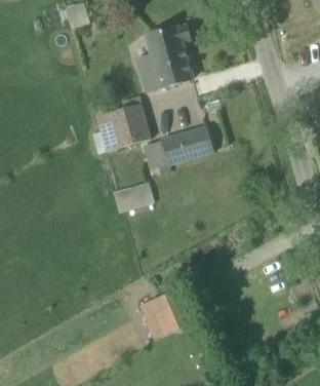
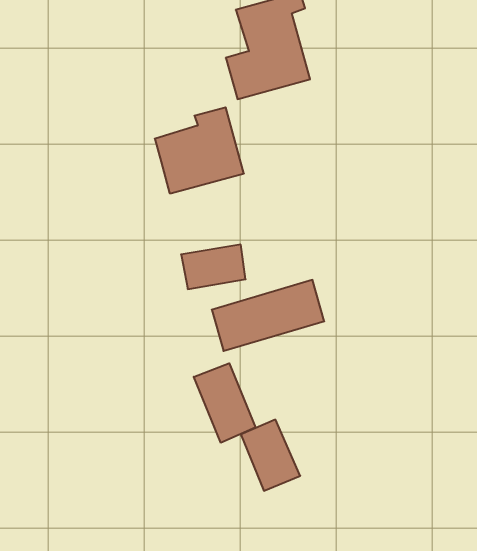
building: [144,125,213,169] -> [212,280,324,351]
building: none -> [194,363,255,443]

